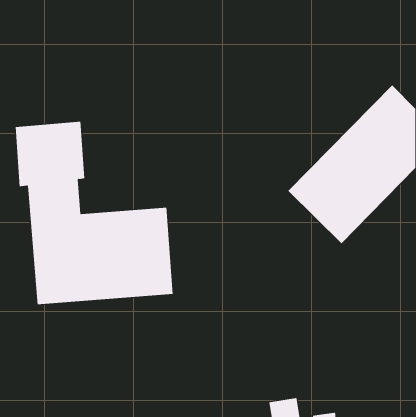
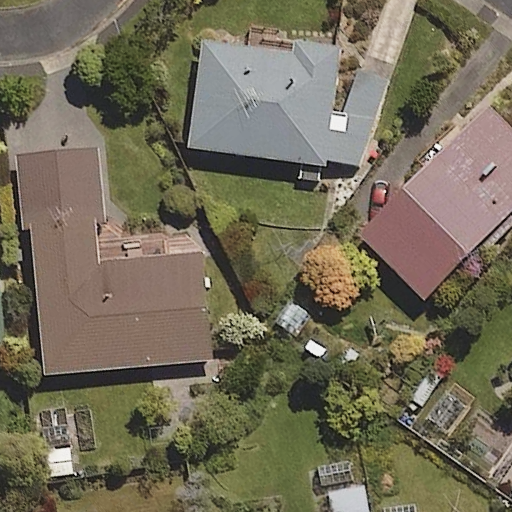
building: none -> [190,39,377,168]

